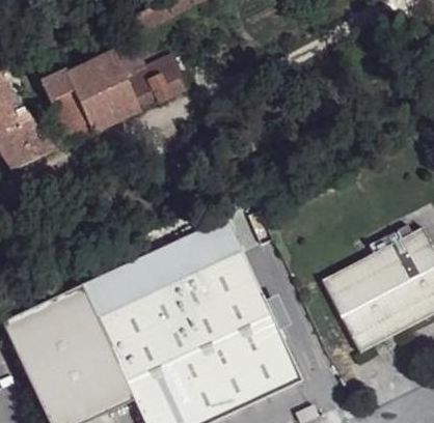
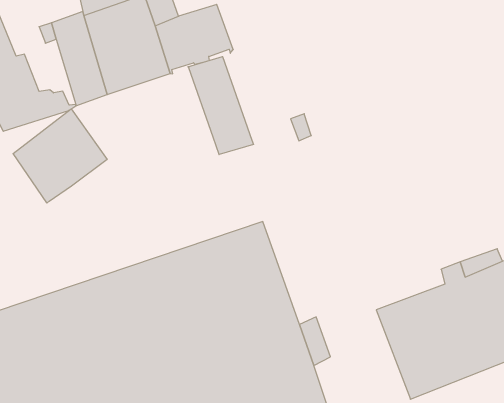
building: none -> [188,57,254,155]
building: none -> [13,109,107,203]

